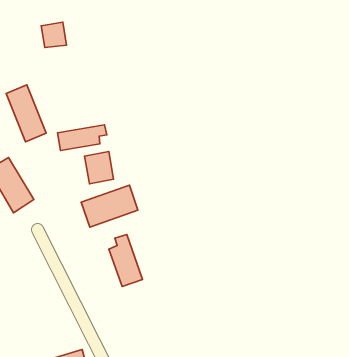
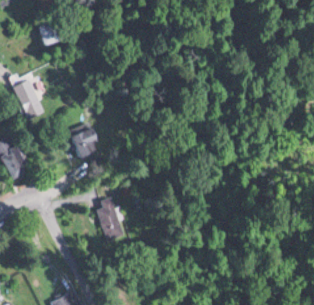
building: [57,125,107,150] -> none
building: [81,185,138,227] -> none

